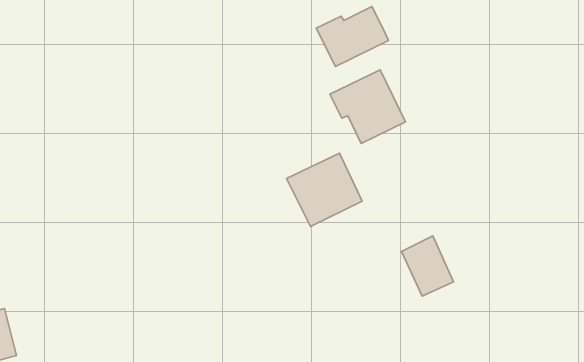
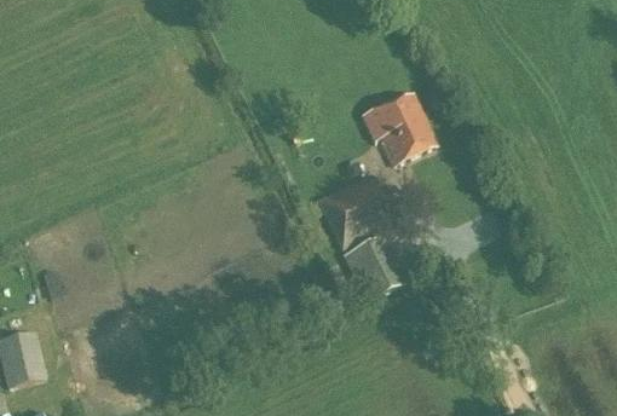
building: [316,7,389,67] -> none
building: [402,236,453,296] -> [350,231,402,291]

